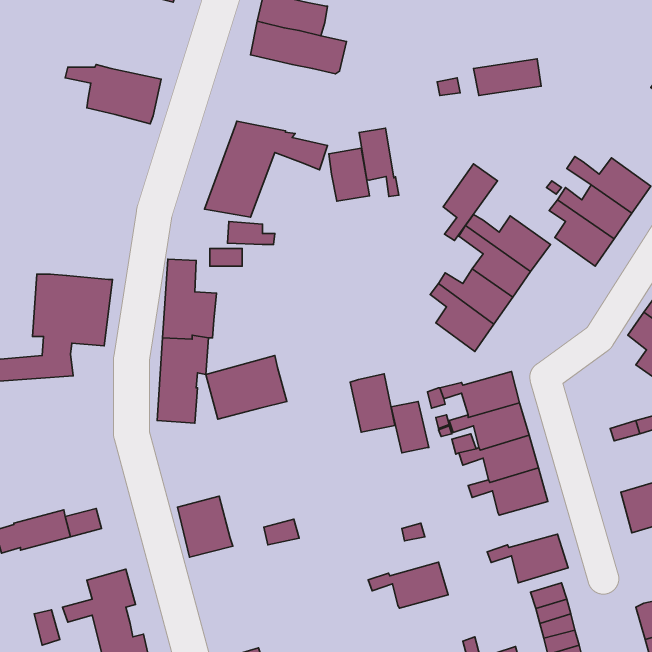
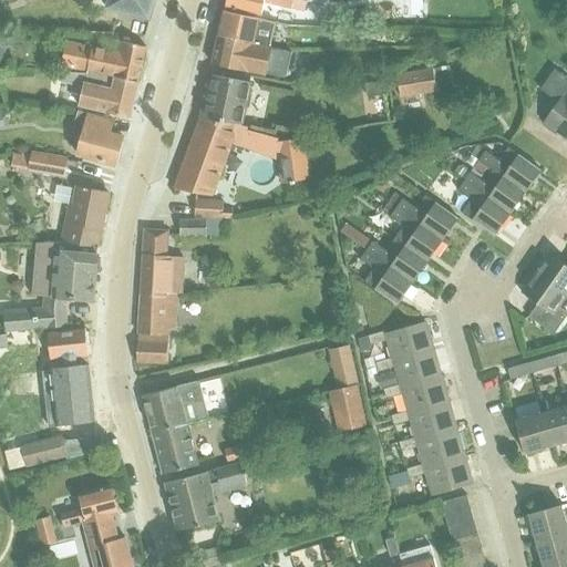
building: none -> [60,40,146,82]
building: none -> [200,75,249,124]
building: none -> [71,110,122,165]
building: [359,128,399,196] -> none
building: [443,164,497,241] -> none
building: none -> [27,152,65,176]
building: none -> [61,186,107,246]
building: [206,355,287,419] -> [142,380,208,432]
building: [350,374,395,432] -> [329,383,365,431]
building: none -> [42,328,94,420]
building: none -> [165,464,241,530]
building: [368,562,448,608] -> [398,427,463,465]

